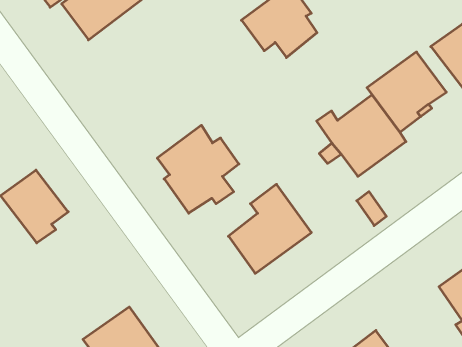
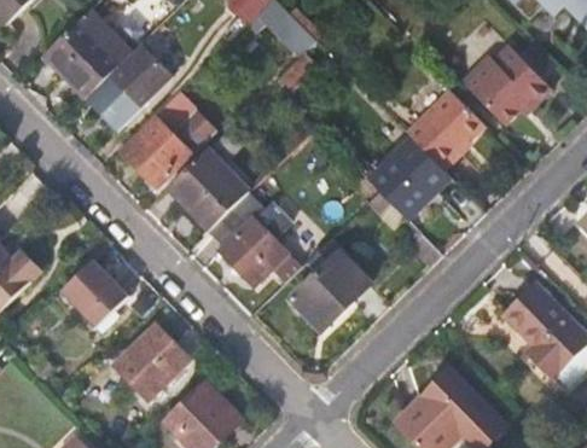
building: none -> [120,99,192,186]
building: none -> [167,146,250,231]
building: none -> [111,321,191,400]

